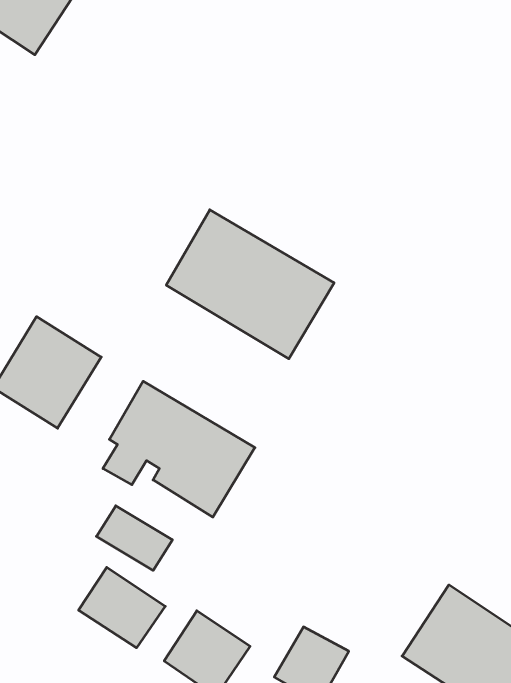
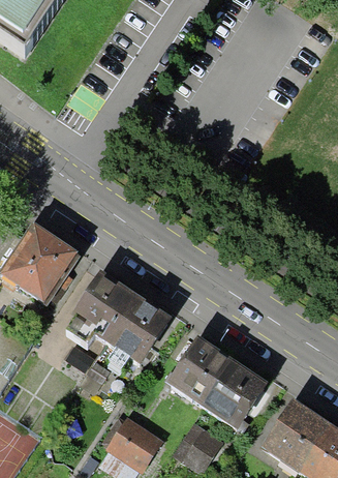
building: [166,210,334,359] -> none
building: none -> [170,336,266,422]
building: [79,567,165,648] -> none

